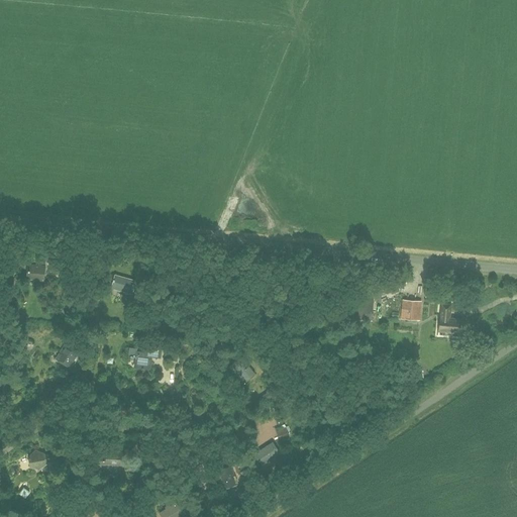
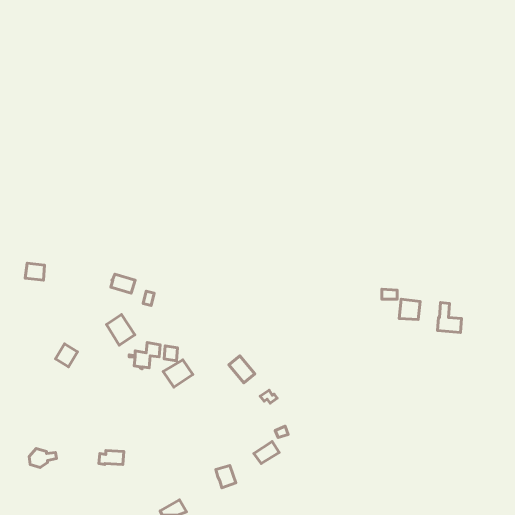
building: none -> [107,315,135,345]
building: none -> [163,360,193,387]

